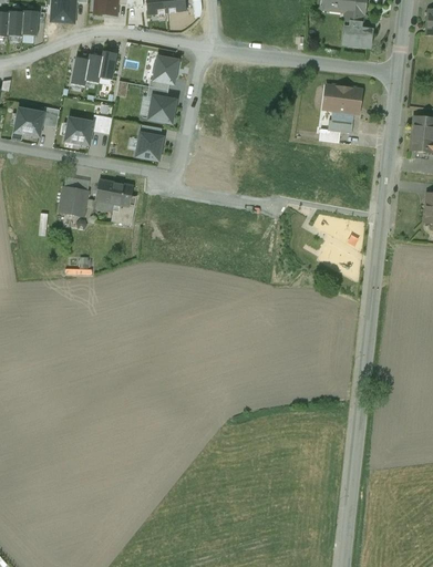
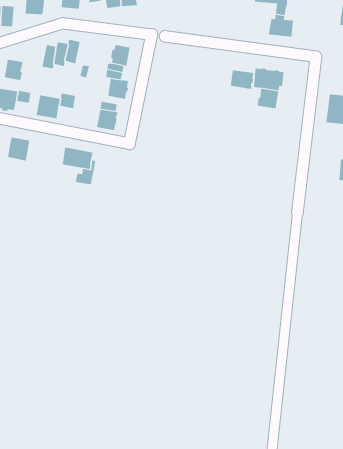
building: none -> [4,59,23,81]
building: none -> [230,69,254,89]
building: [60,186,87,215] -> [7,137,30,161]

